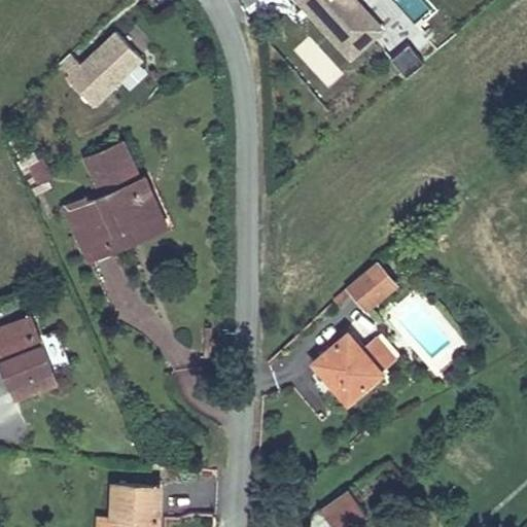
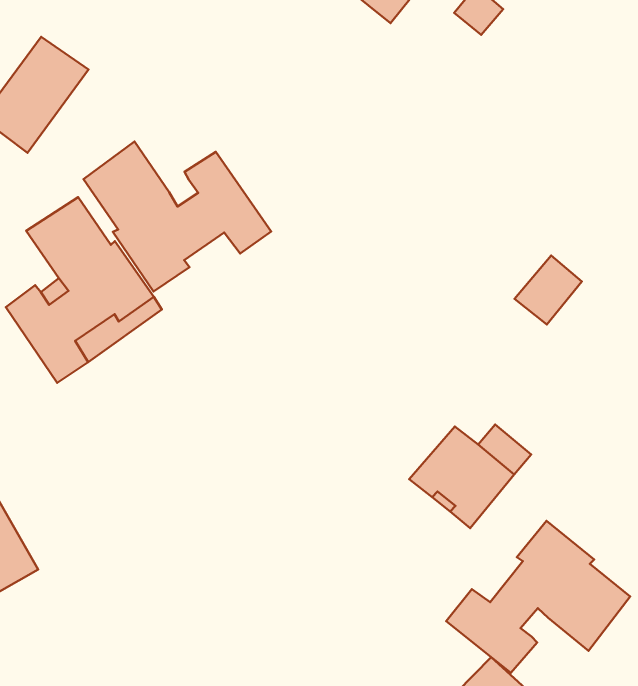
building: none -> [84,142,271,291]
building: [348,266,394,311] -> [515,255,582,325]
building: none -> [446,521,630,673]

